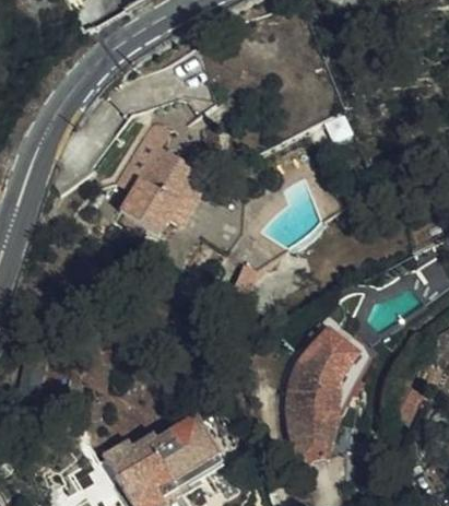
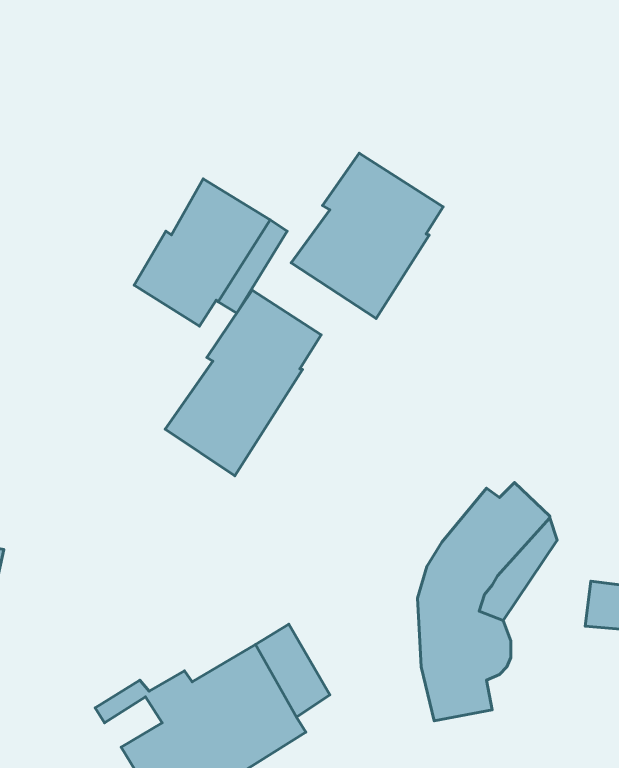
building: none -> [291,153,443,319]
building: none -> [165,290,321,476]

